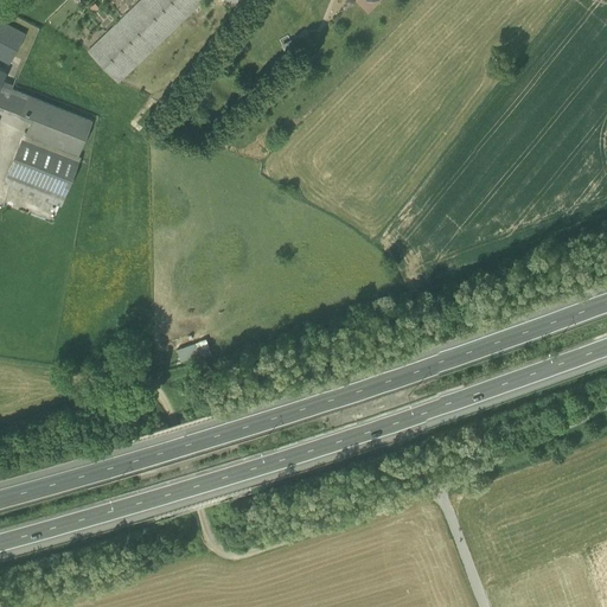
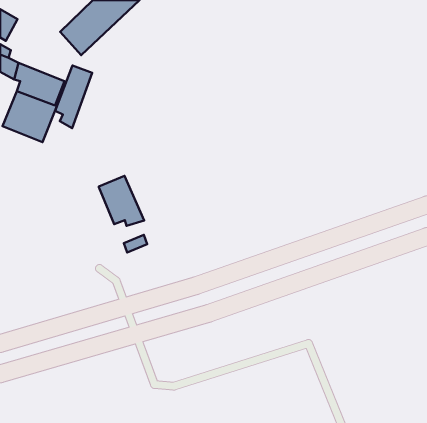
building: none -> [55,65,92,128]
building: none -> [99,176,144,226]

